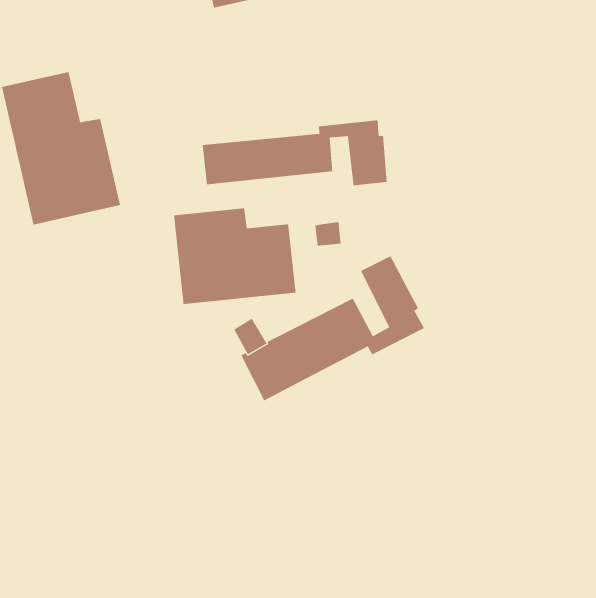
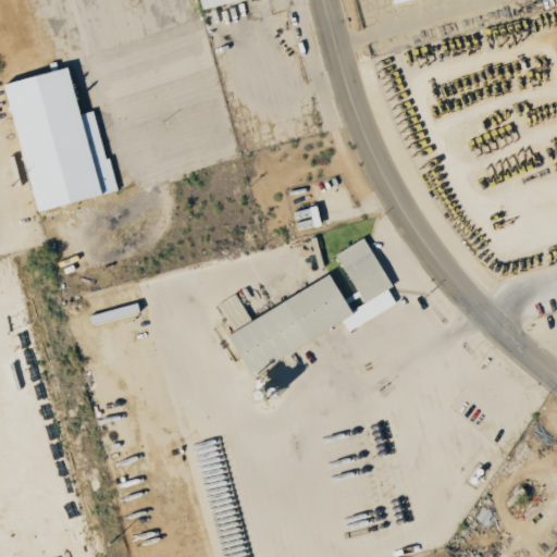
building: [202,119,387,186] -> none
building: [174,208,296,305] -> none

